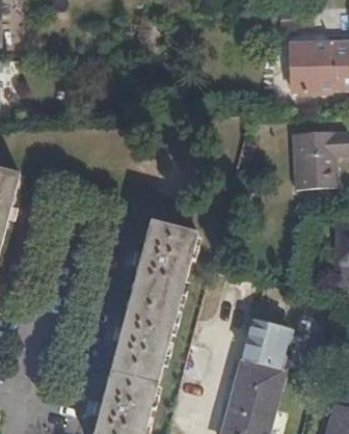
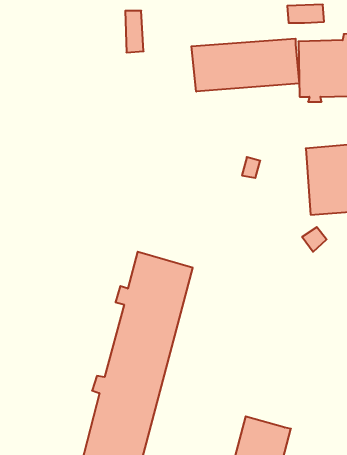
building: none -> [191,39,299,92]
building: [242,321,286,370] -> none

